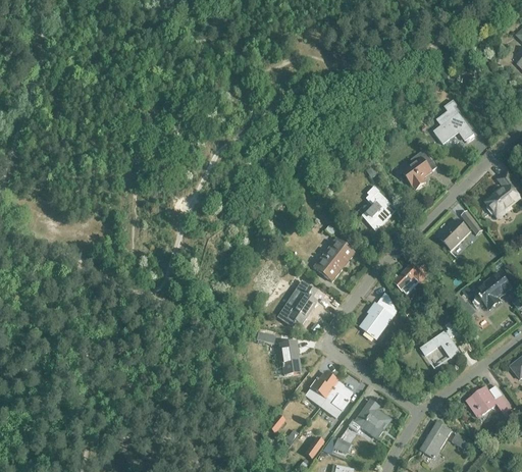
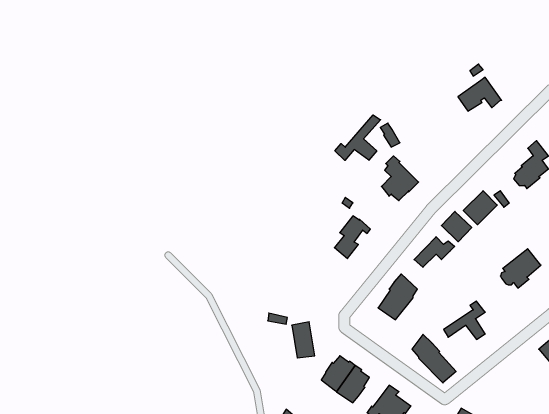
building: none -> [335,115,381,160]
building: [402,149,431,189] -> none
building: none -> [441,211,472,242]
building: [280,283,316,326] -> none
building: none -> [412,334,456,383]
building: [465,386,510,417] -> none

